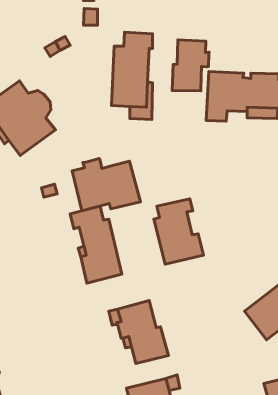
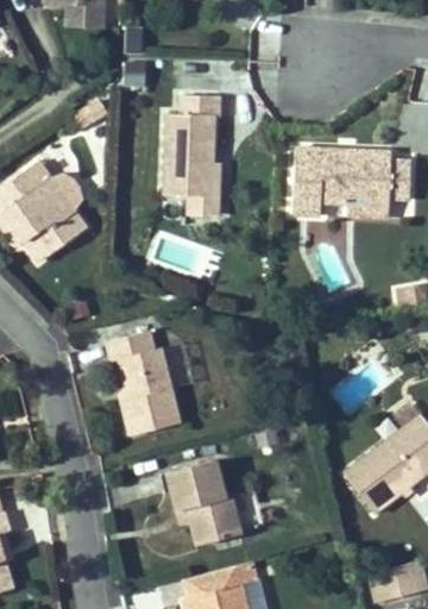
building: [172,40,209,91] -> none
building: [72,159,140,211] -> none
building: [154,199,203,264] -> none

